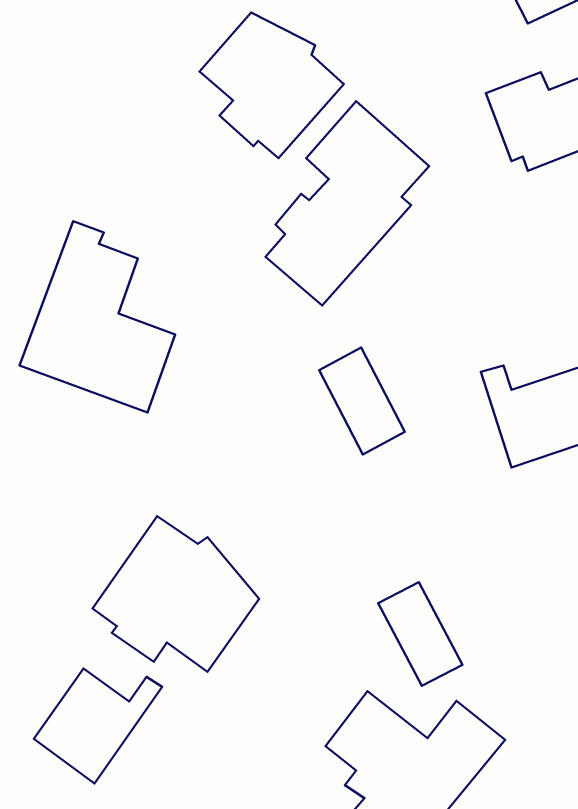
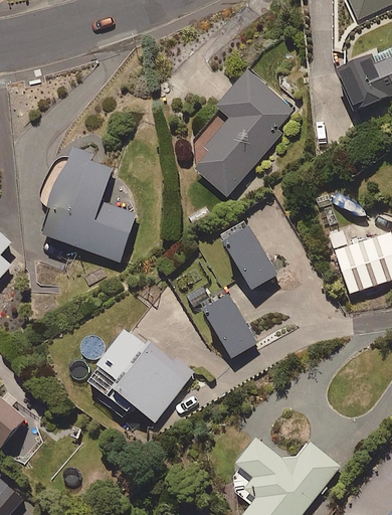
building: [200,12,344,158] -> none
building: [378,582,462,686] -> [206,292,258,356]
building: [34,668,162,784] -> none

